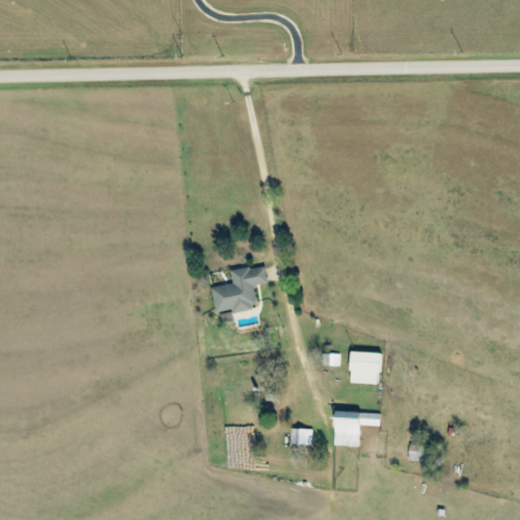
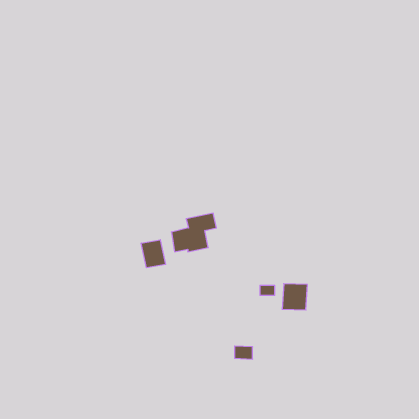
building: none -> [141,240,166,268]
building: [334,411,381,446] -> none

